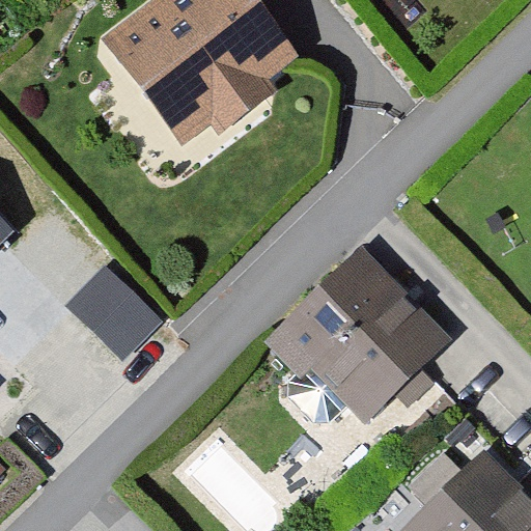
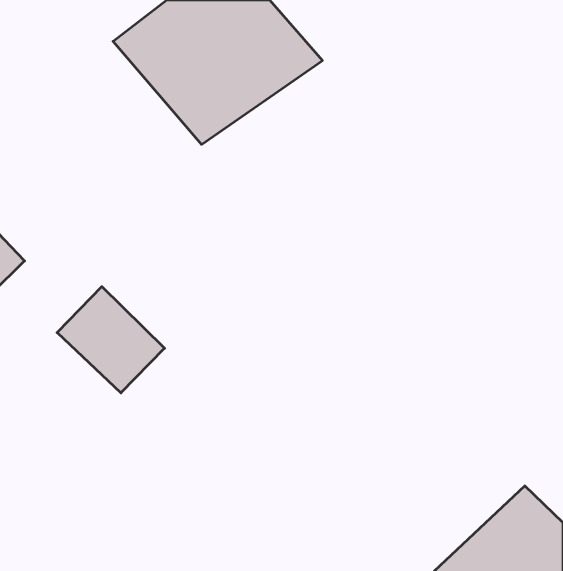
building: [270,248,454,418] -> none

